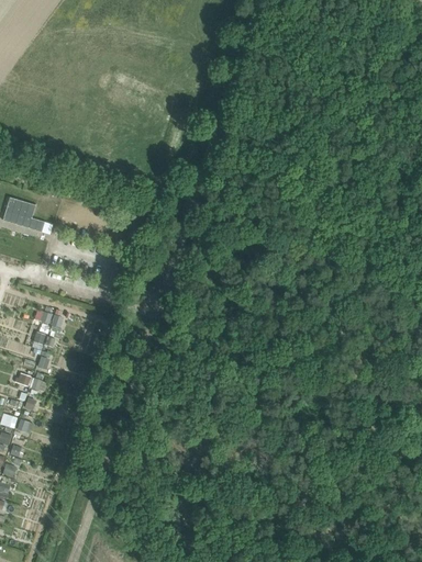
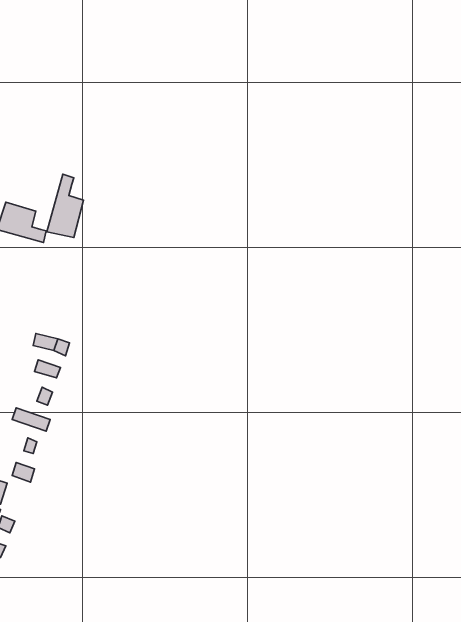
building: none -> [47,174,84,238]

